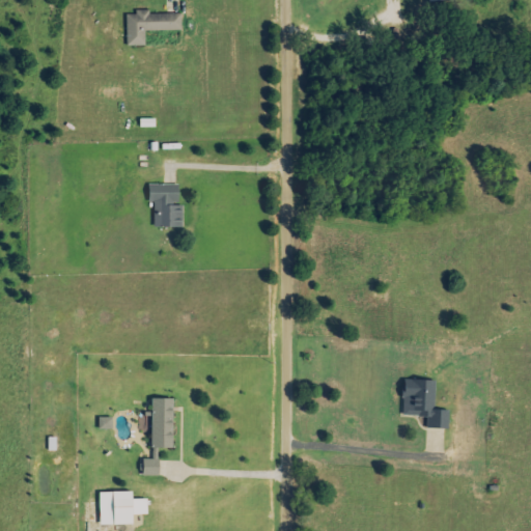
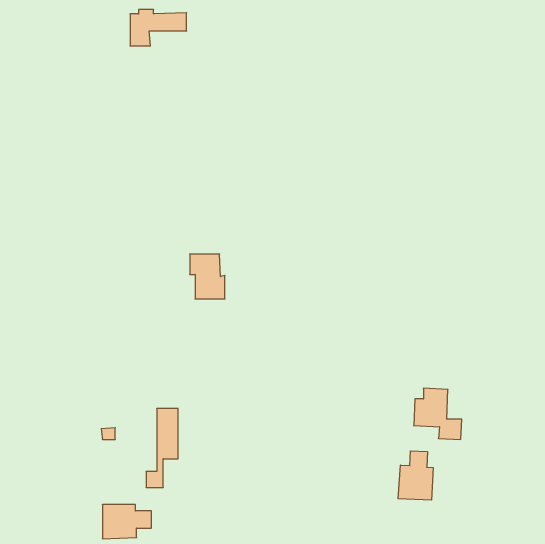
building: [149,184,184,227] -> [190,254,225,299]
building: none -> [398,451,433,500]

